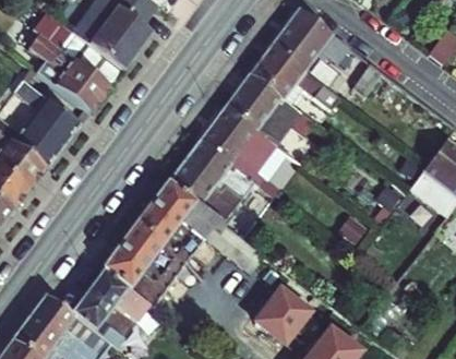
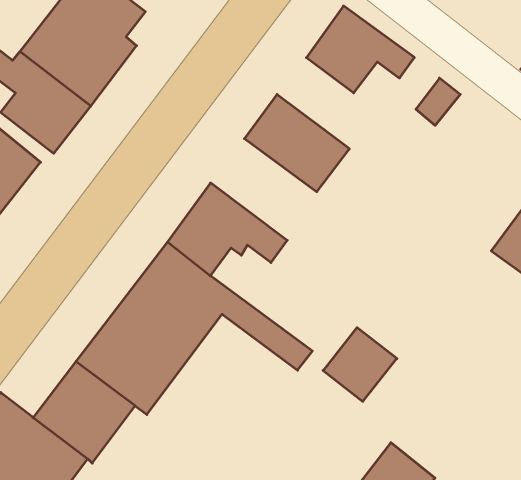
building: [250,46,333,101] -> none
building: [201,106,300,194] -> none
building: [261,294,315,348] -> [323,328,397,401]

